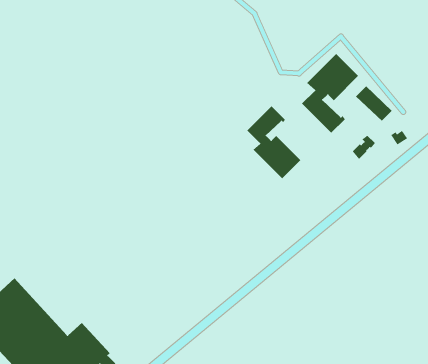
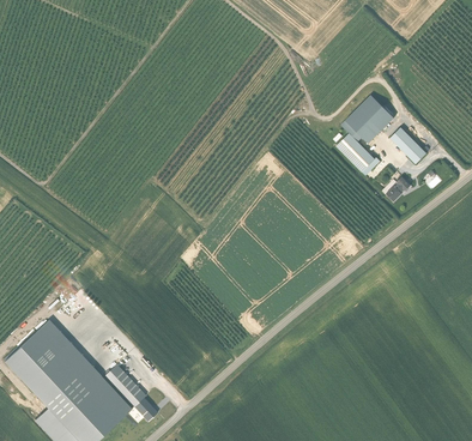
building: [246,105,301,179] -> none

